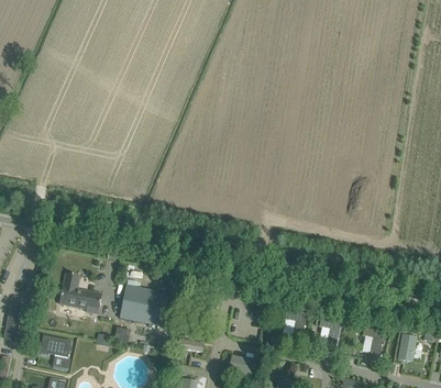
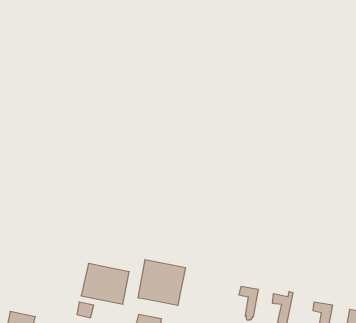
building: [59,273,102,313] -> none
building: none -> [138,259,186,306]

